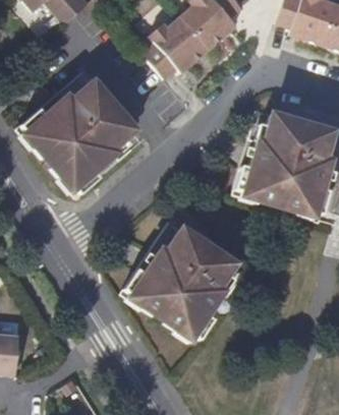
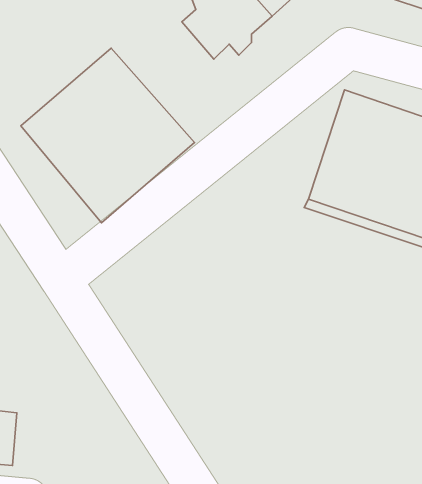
building: [121,219,248,350] -> none

